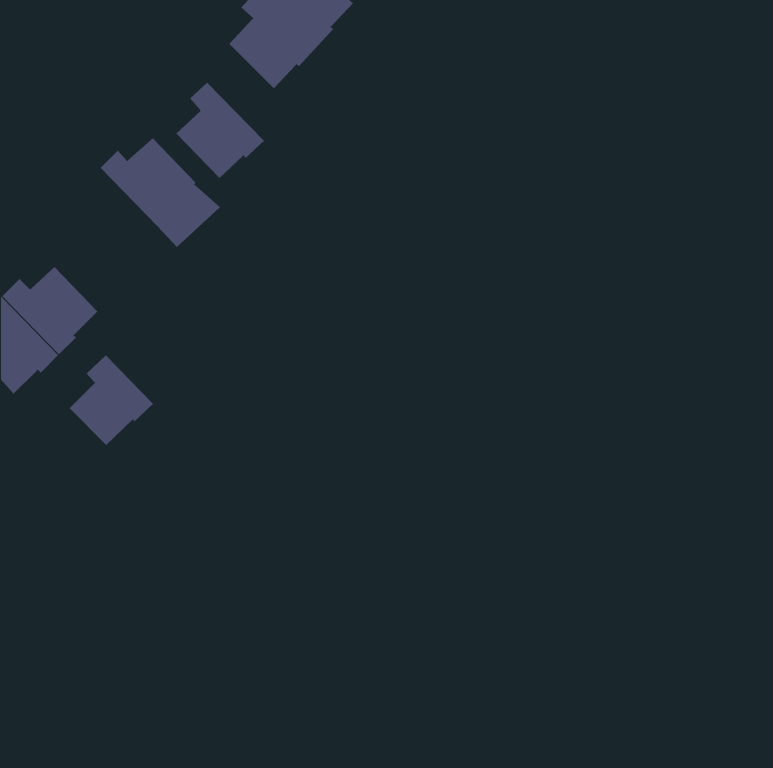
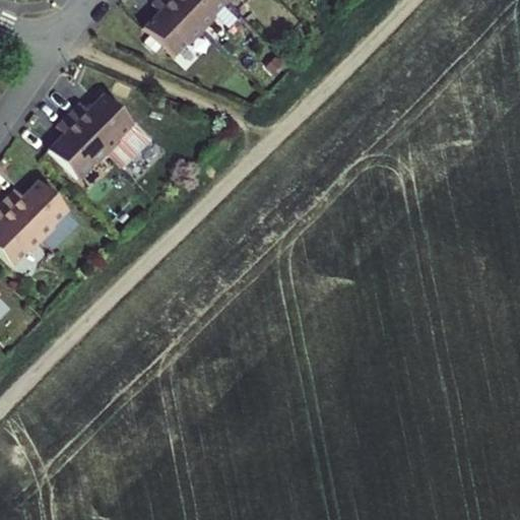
building: [176,82,265,179] -> [46,113,106,178]
building: [69,354,154,446] -> none

